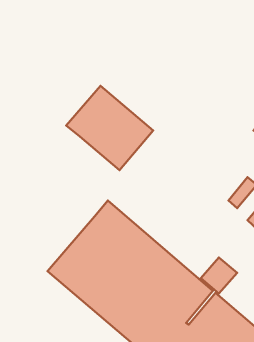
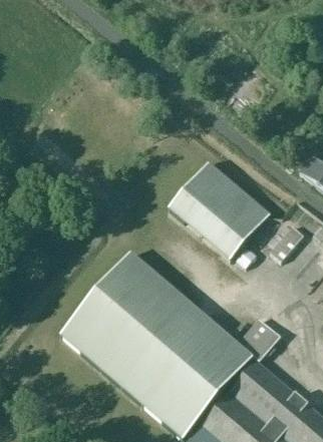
building: [66,86,153,170] -> [168,161,269,260]

